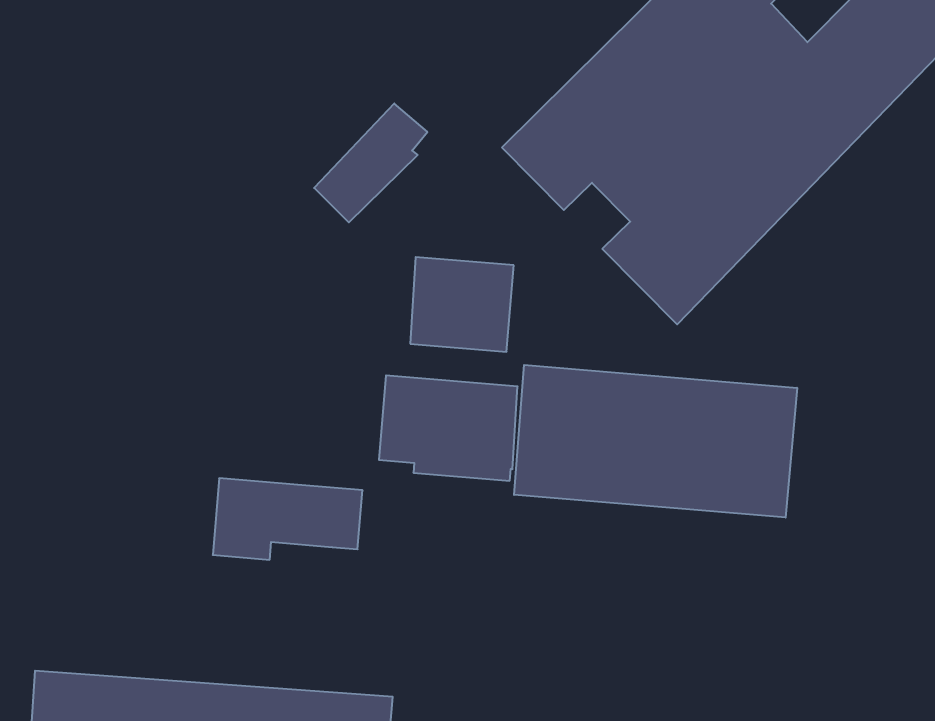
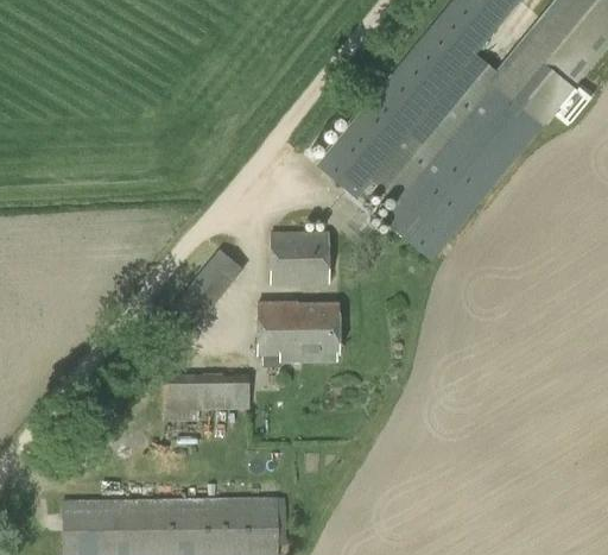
building: [314,103,427,222] -> [175,250,240,323]
building: [514,365,797,518] -> none

